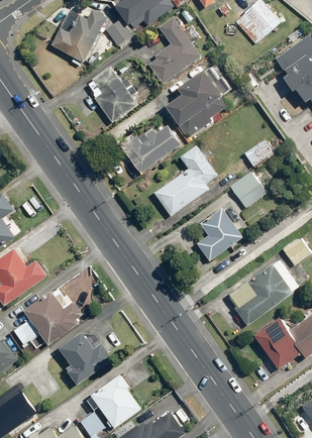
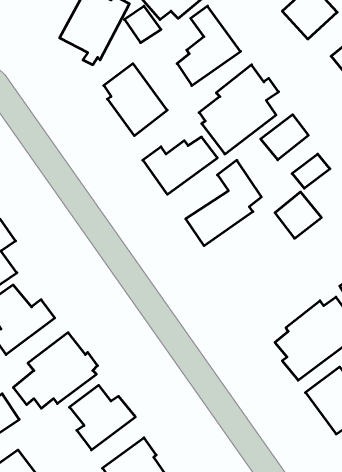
building: none -> [261,115,308,160]
building: [196,208,244,261] -> none

